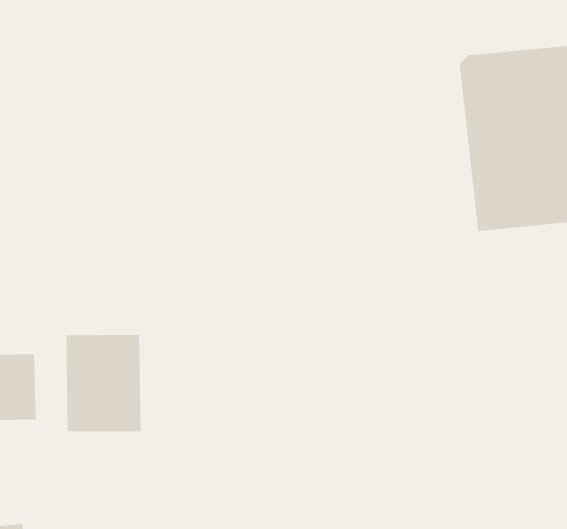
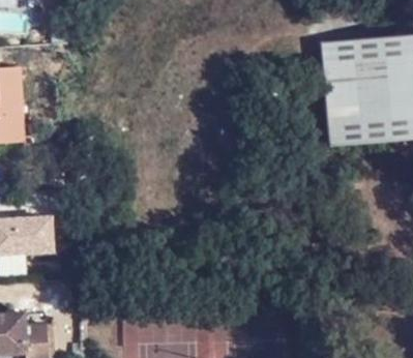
building: [66,334,141,432] -> none

